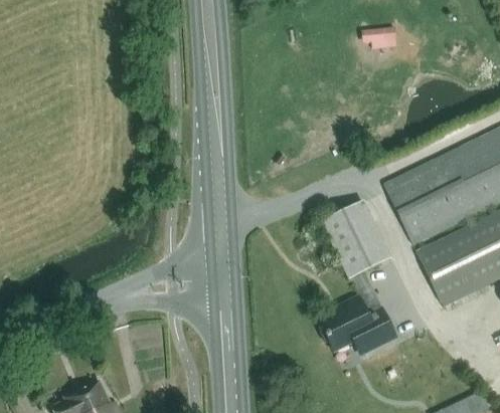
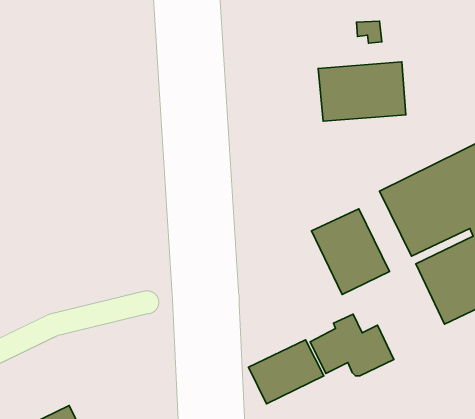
building: none -> [318,62,406,121]
building: none -> [249,340,324,404]

